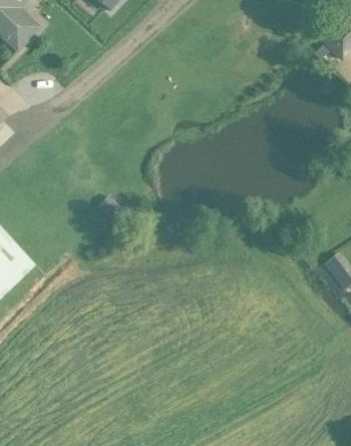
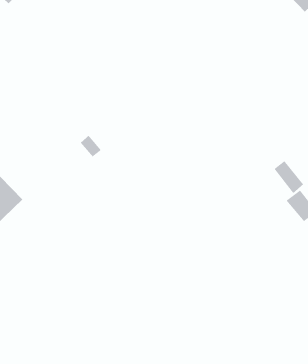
building: none -> [274,160,304,194]

